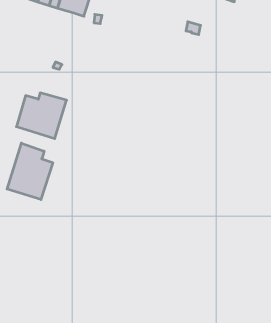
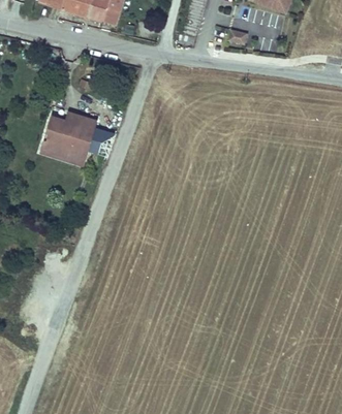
building: [7,143,53,200] -> none

